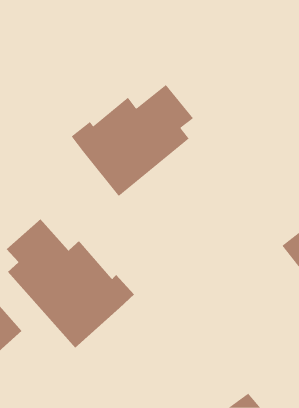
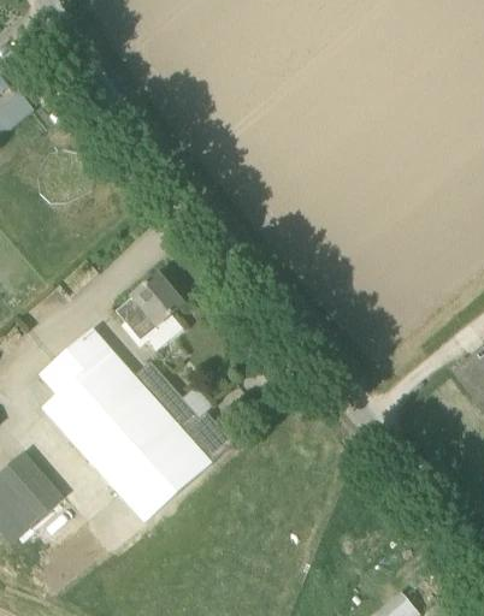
building: [71,84,194,197] -> none
building: none -> [117,273,184,339]

